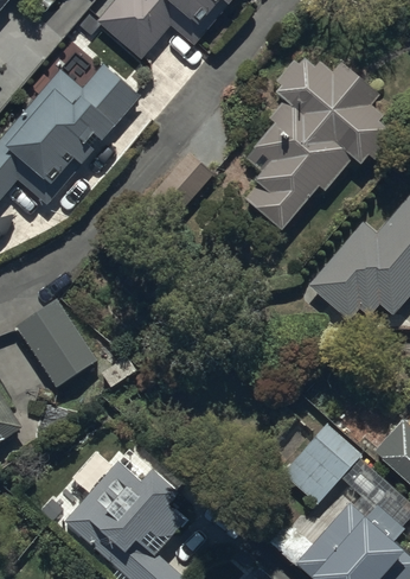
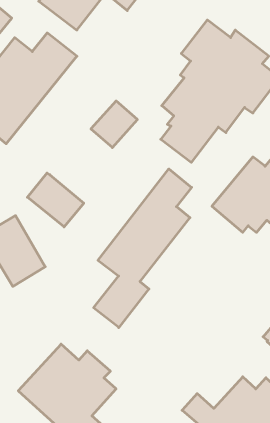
building: none -> [94,169,192,328]
building: none -> [27,173,84,227]
building: [281,422,364,505] -> none

